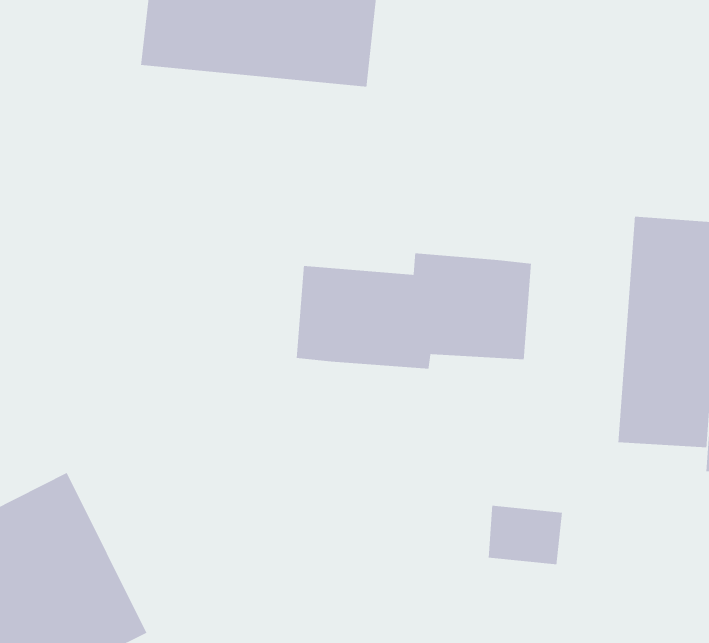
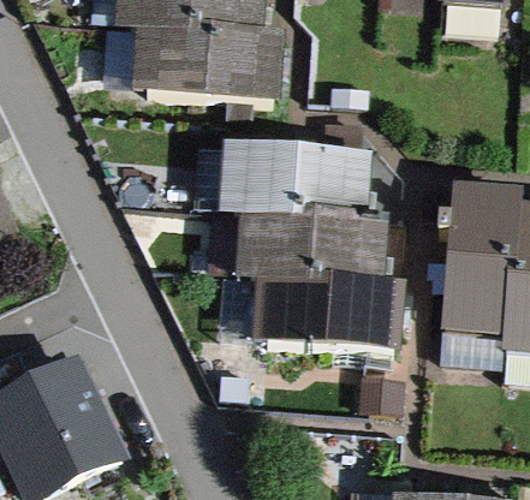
building: none -> [215,141,367,221]
building: none -> [248,274,404,349]

